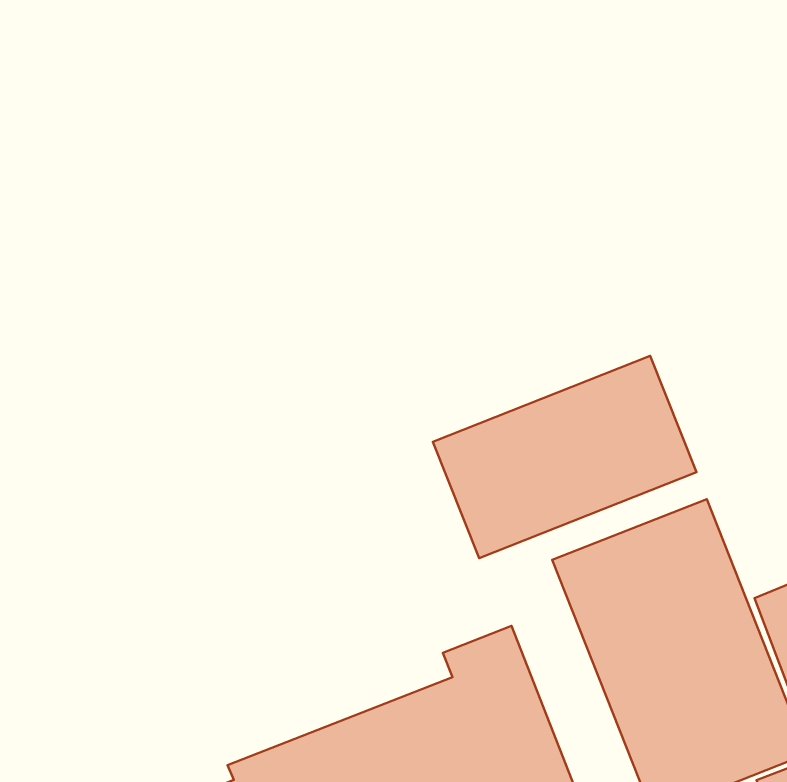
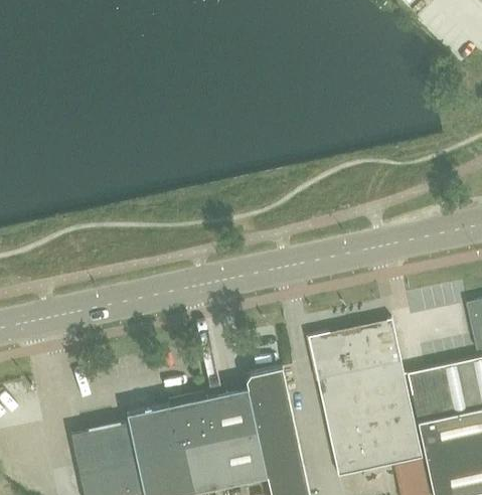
building: [433,356,696,558] -> none

